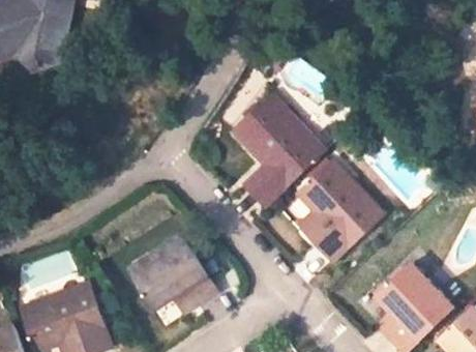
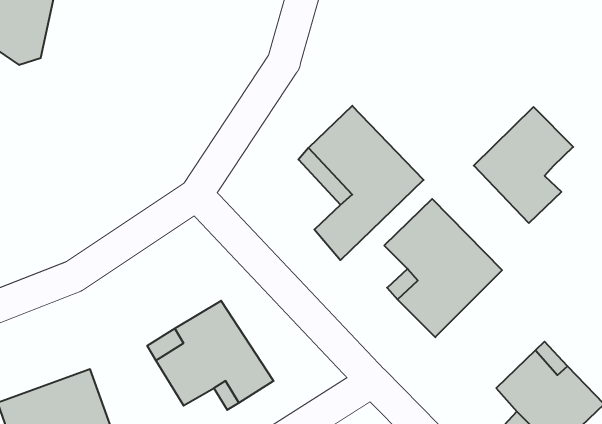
building: none -> [474,107,573,223]

